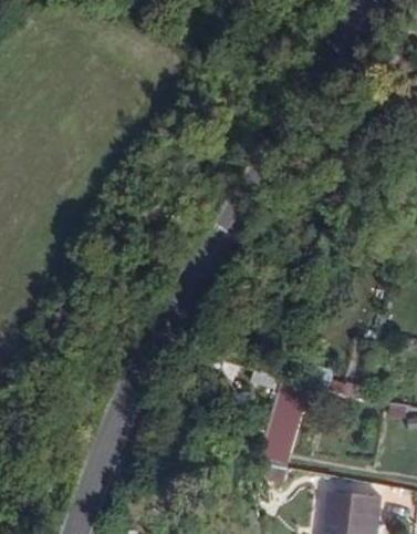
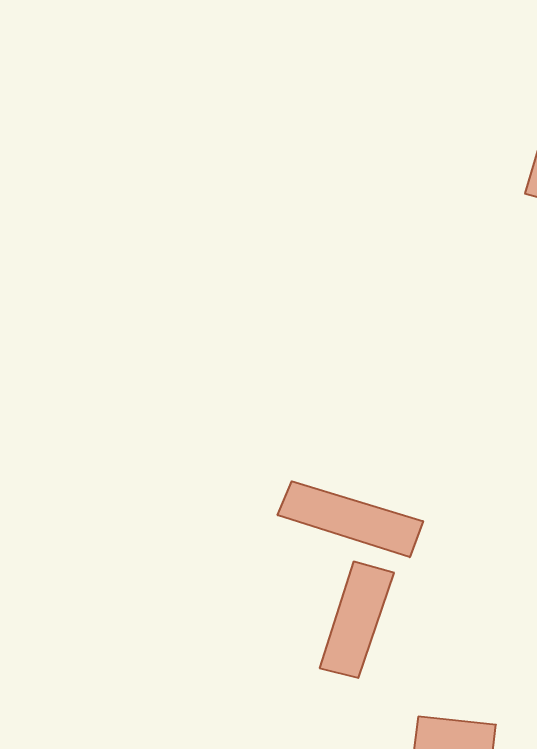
building: none -> [278,481,423,557]

